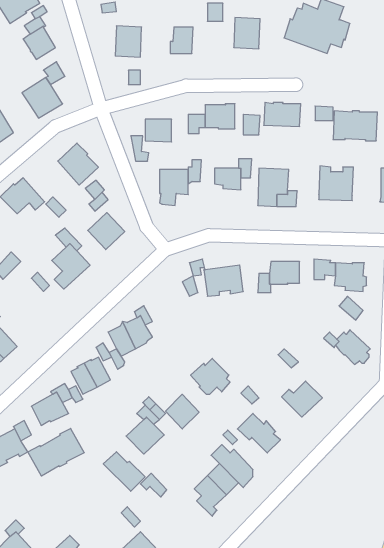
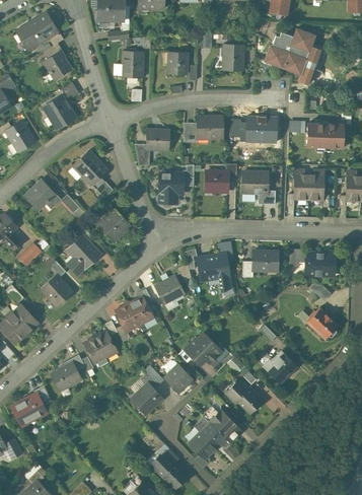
building: none -> [155,275,185,304]
building: none -> [43,277,72,305]
building: [28,428,84,476] -> none
building: [103,452,145,491] -> [152,455,188,489]

